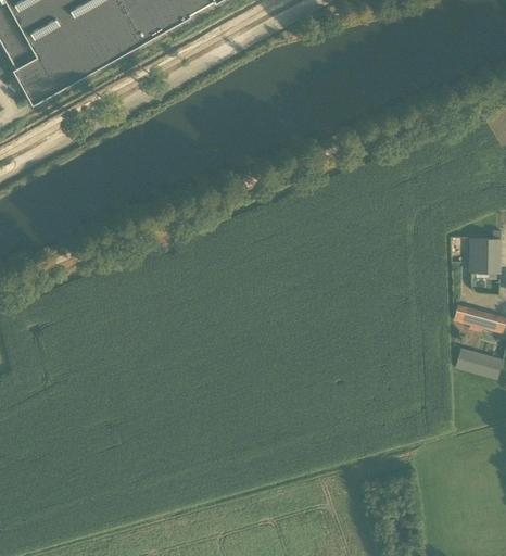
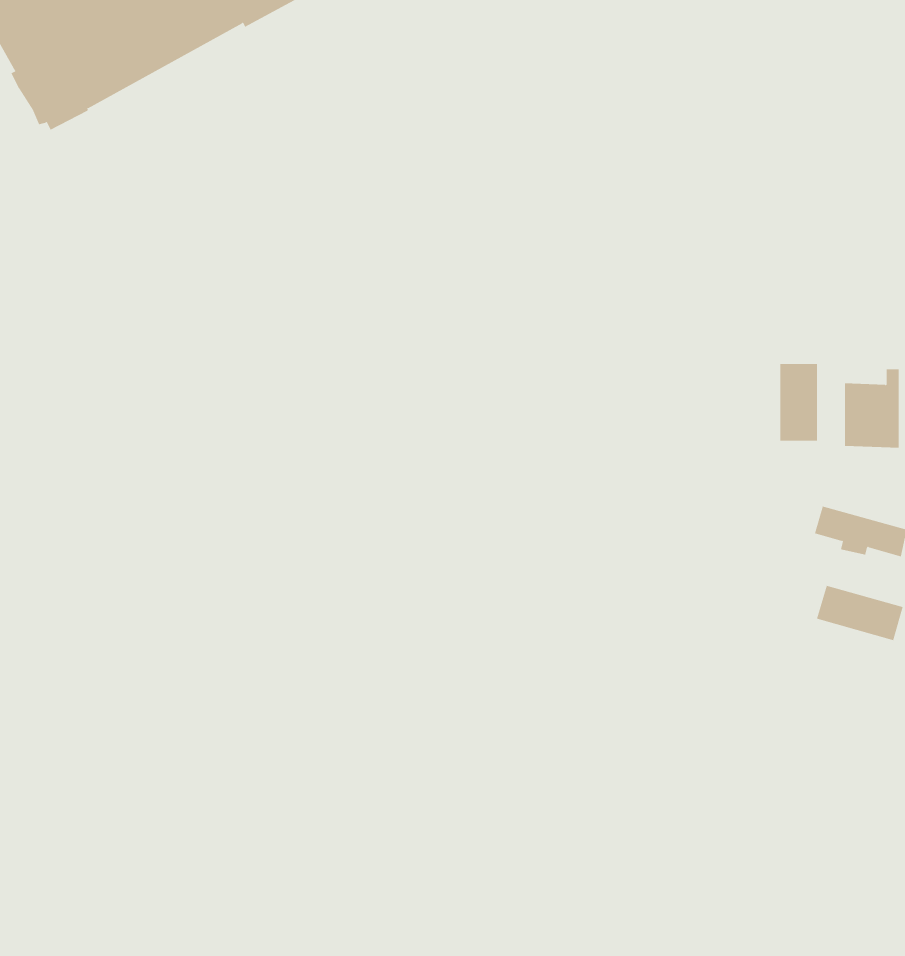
building: none -> [780,363,818,441]

